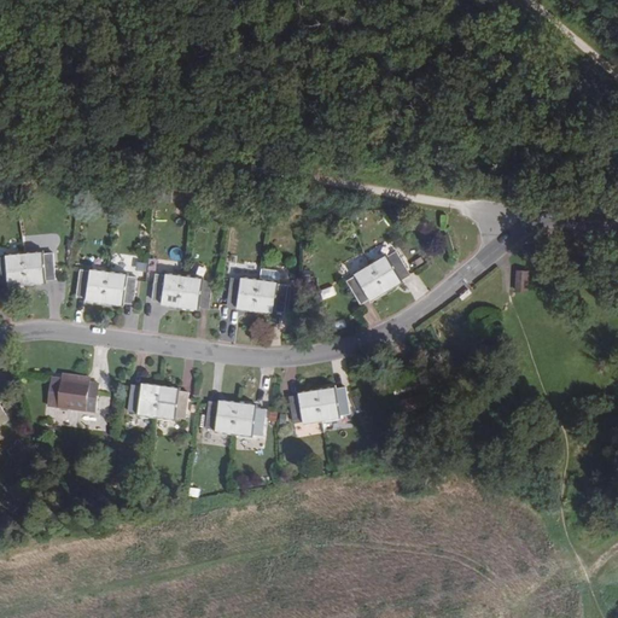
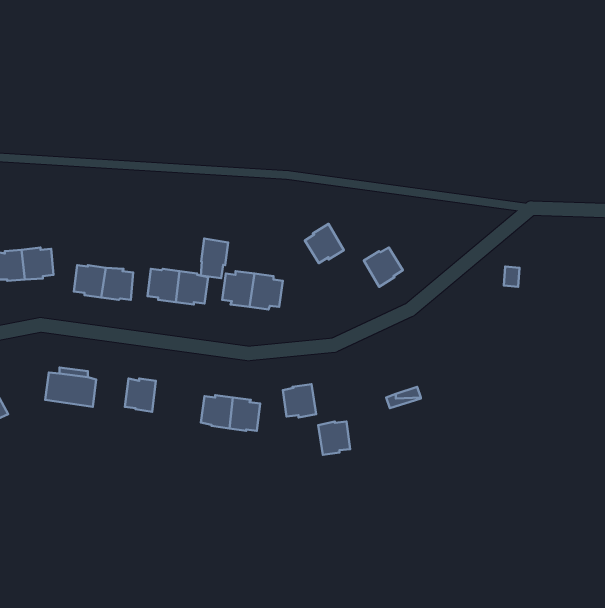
building: none -> [201,239,228,278]
building: [345,264,385,304] -> [305,224,344,263]
building: [154,386,188,420] -> none
building: [316,386,349,420] -> [318,422,350,455]

